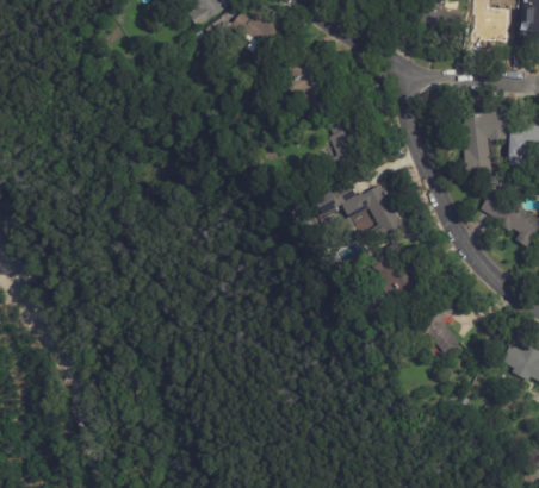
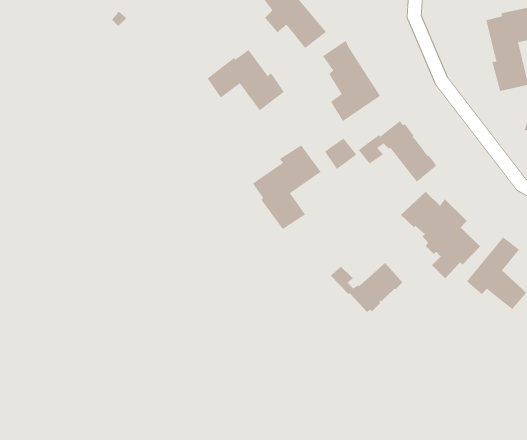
building: none -> [207,49,284,111]
building: none -> [252,145,321,230]
building: none -> [330,262,403,313]

